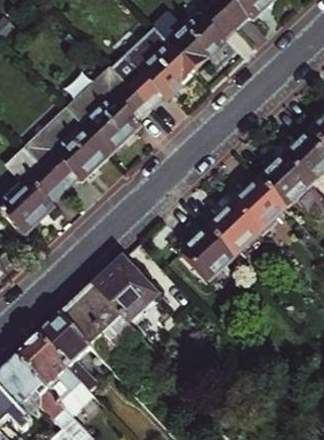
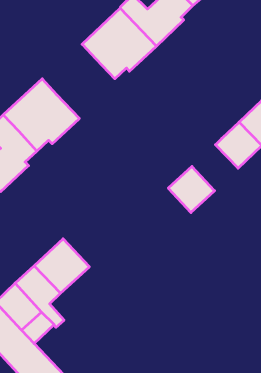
building: [68,66,149,151] -> none
building: [234,180,286,232] -> none
building: [182,229,233,280] -> none
building: [92,256,158,323] -> none

